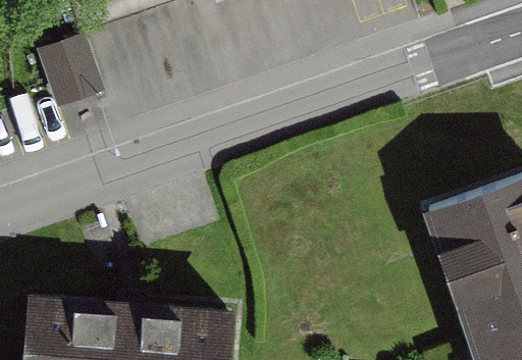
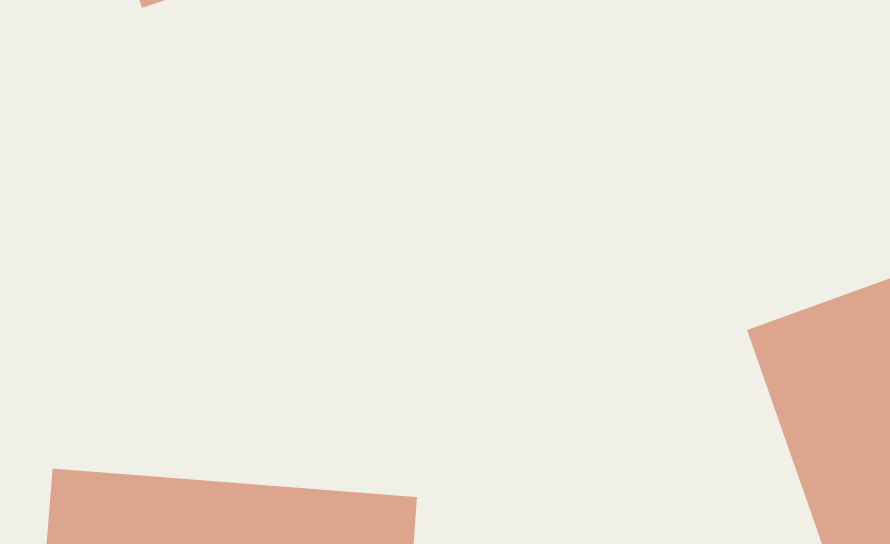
building: [39,30,107,105] -> none

